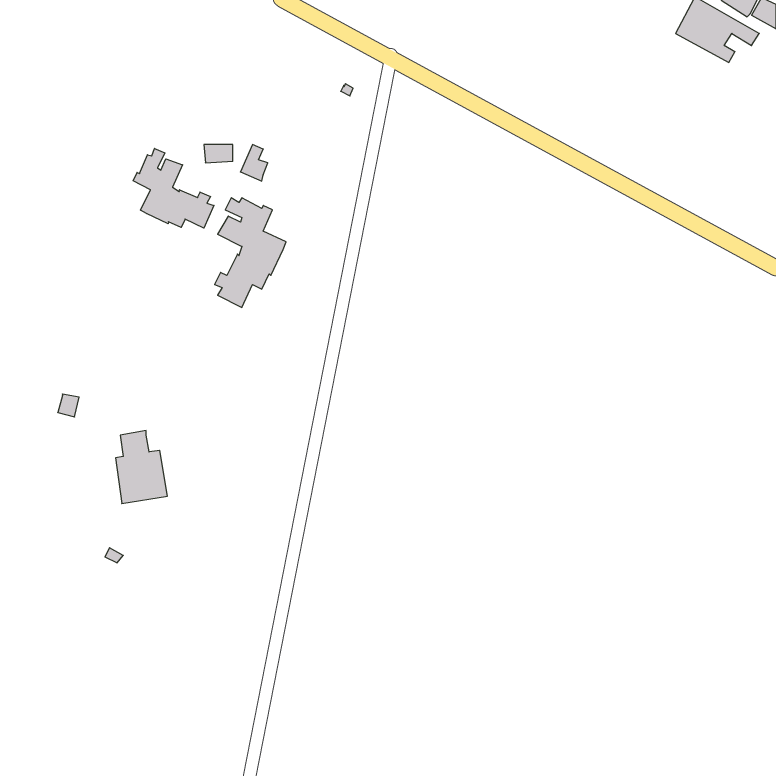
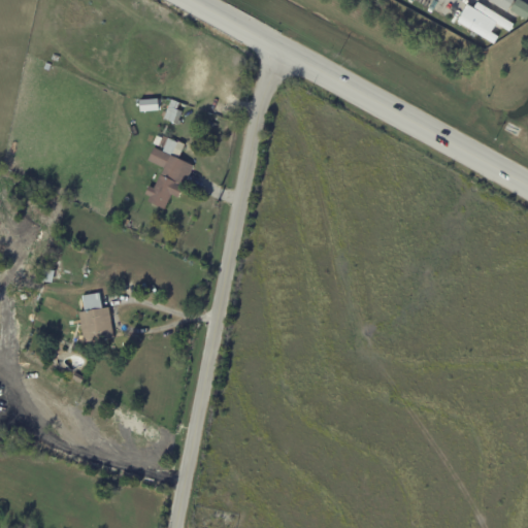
building: [133,148,214,228] -> none

